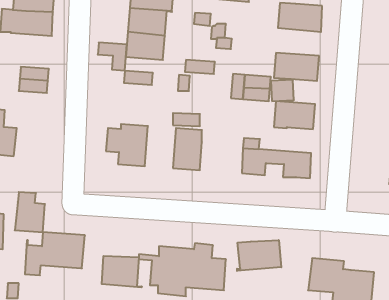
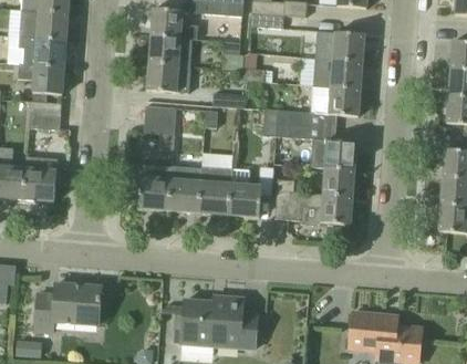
building: none -> [312,58,362,89]
building: none -> [18,63,64,94]
building: [98,43,127,71] -> [143,118,175,149]
building: none -> [167,166,201,212]
building: none -> [322,167,353,196]
building: none -> [228,170,260,217]
building: [15,192,45,232] -> [22,157,55,201]
building: [237,240,281,271] -> none
building: [102,256,142,287] -> none

